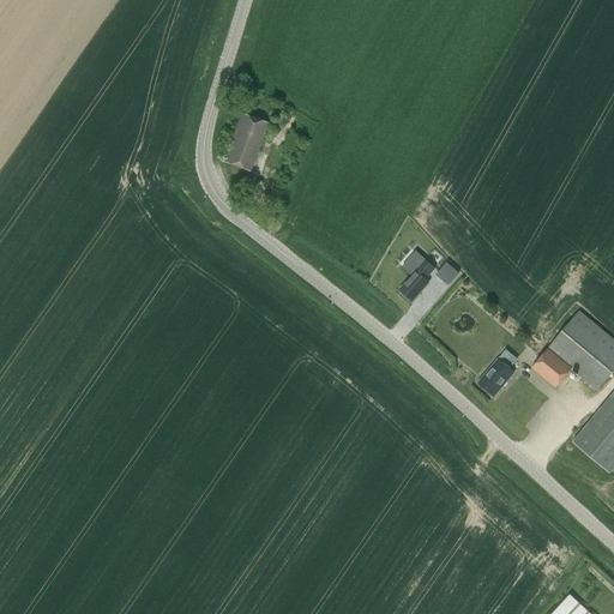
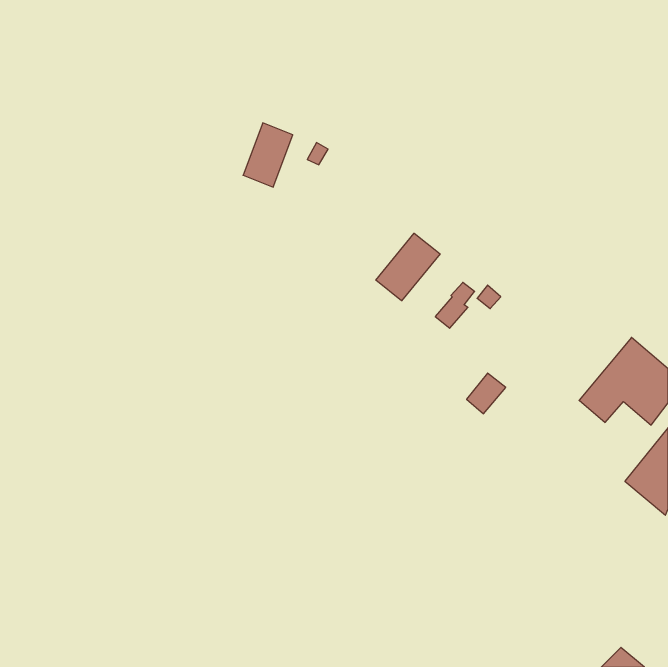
building: none -> [376,233,440,301]
building: [478,359,514,396] -> [467,373,506,414]

